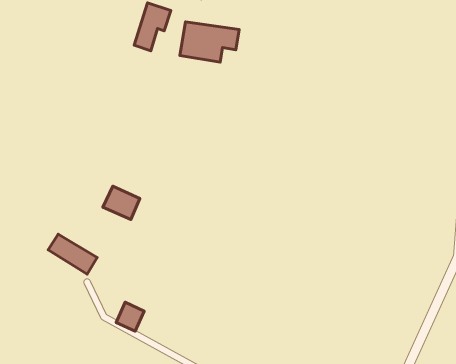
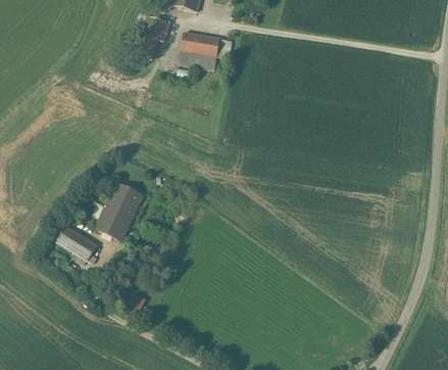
building: none -> [95,201,134,239]

